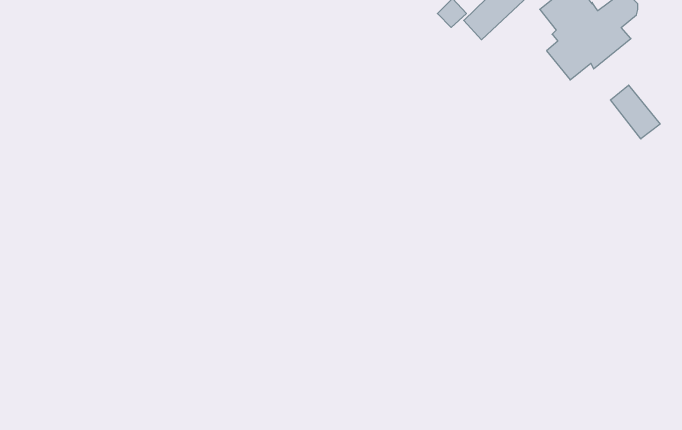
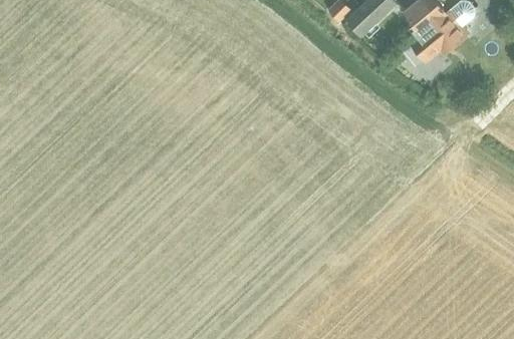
building: [610,85,660,139] -> none

